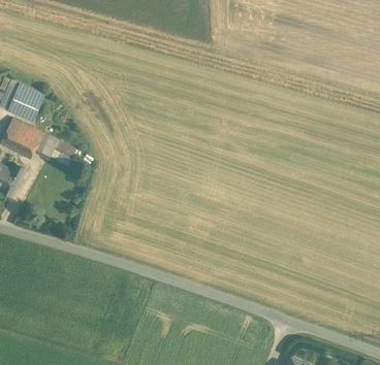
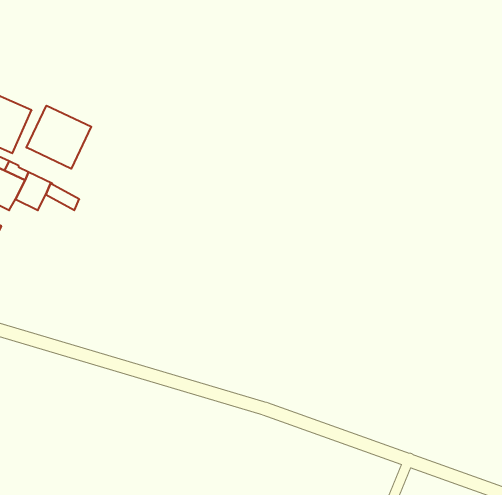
building: none -> [26,106,91,169]

